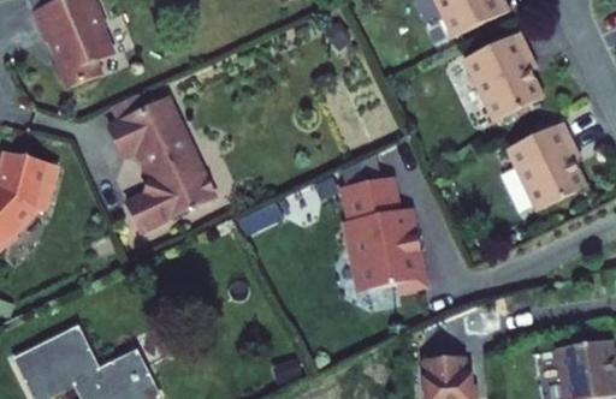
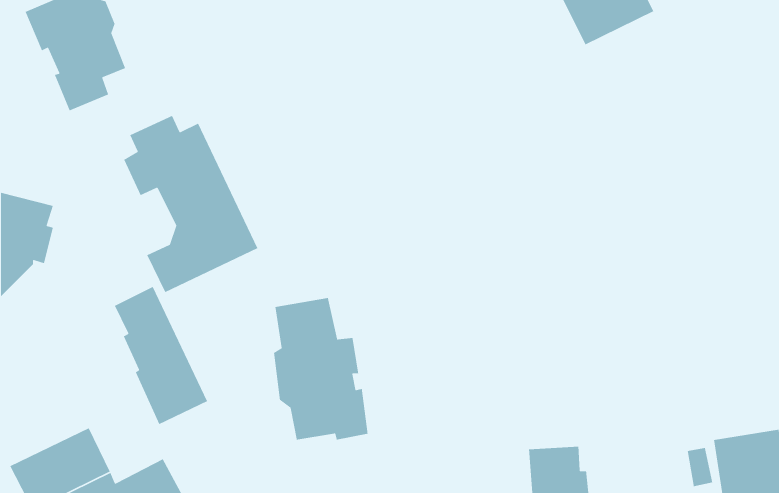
building: [473,32,550,119] -> none
building: [515,120,592,208] -> none
building: [349,173,424,285] -> [273,297,369,440]
building: none -> [114,286,208,425]

